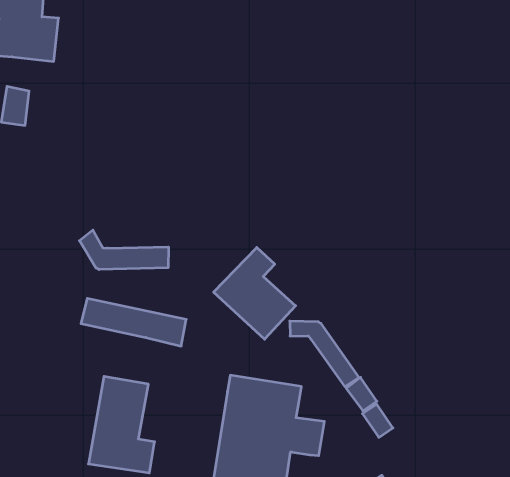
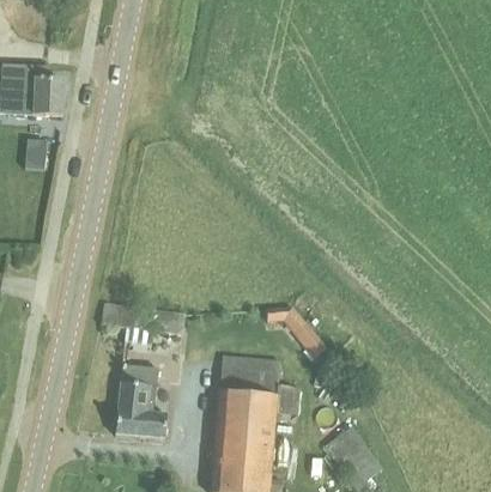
building: [79,230,168,270] -> none
building: [214,247,296,339] -> none

